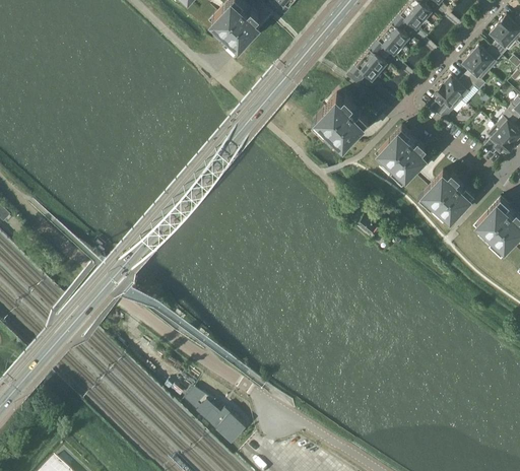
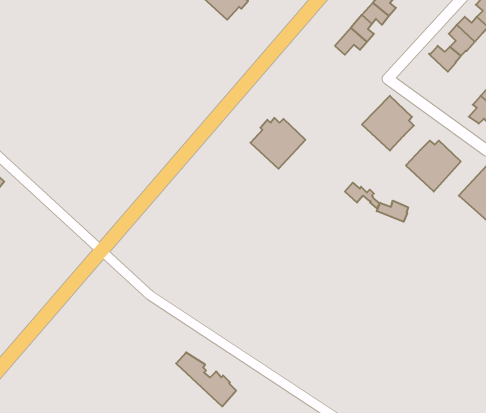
building: [431,85,462,119] -> none
building: [313,96,369,148] -> [250,118,305,169]
building: none -> [377,201,408,222]

